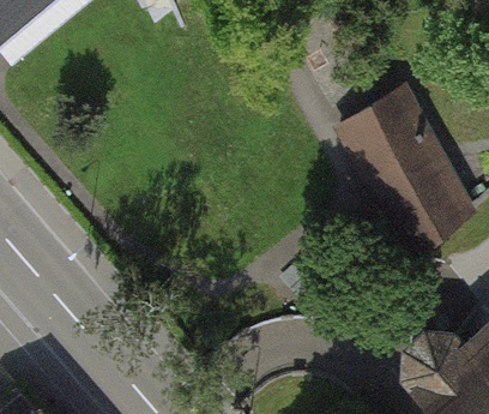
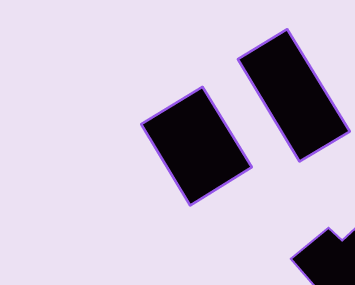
building: none -> [141,87,252,205]

